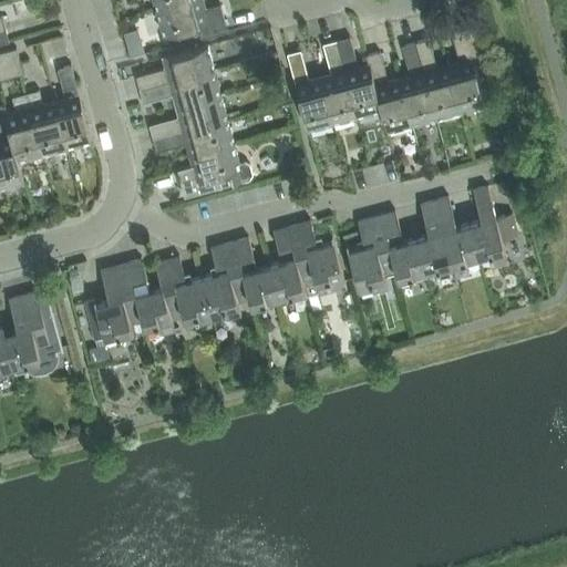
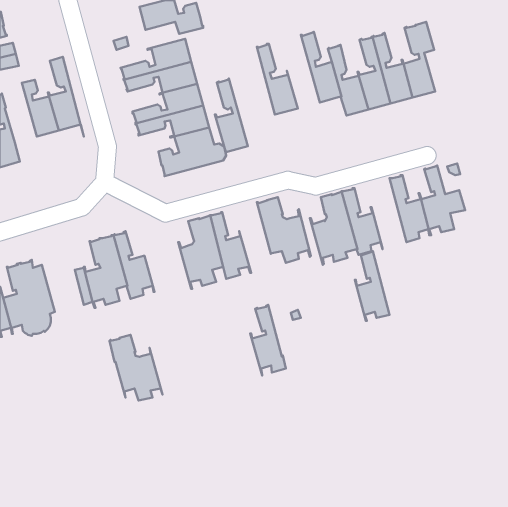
building: [319,41,355,123] -> [215,79,248,152]
building: [6,94,41,161] -> none
building: [413,200,452,278] -> [355,251,390,321]
building: [266,227,306,306] -> [250,305,286,375]
building: [154,257,213,330] -> [110,335,162,401]

